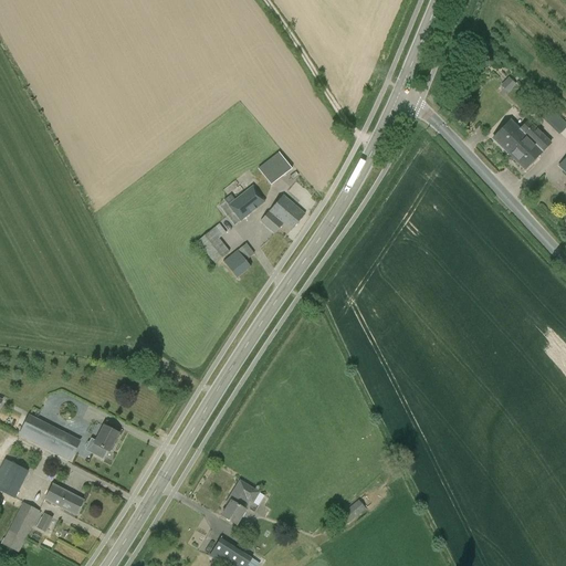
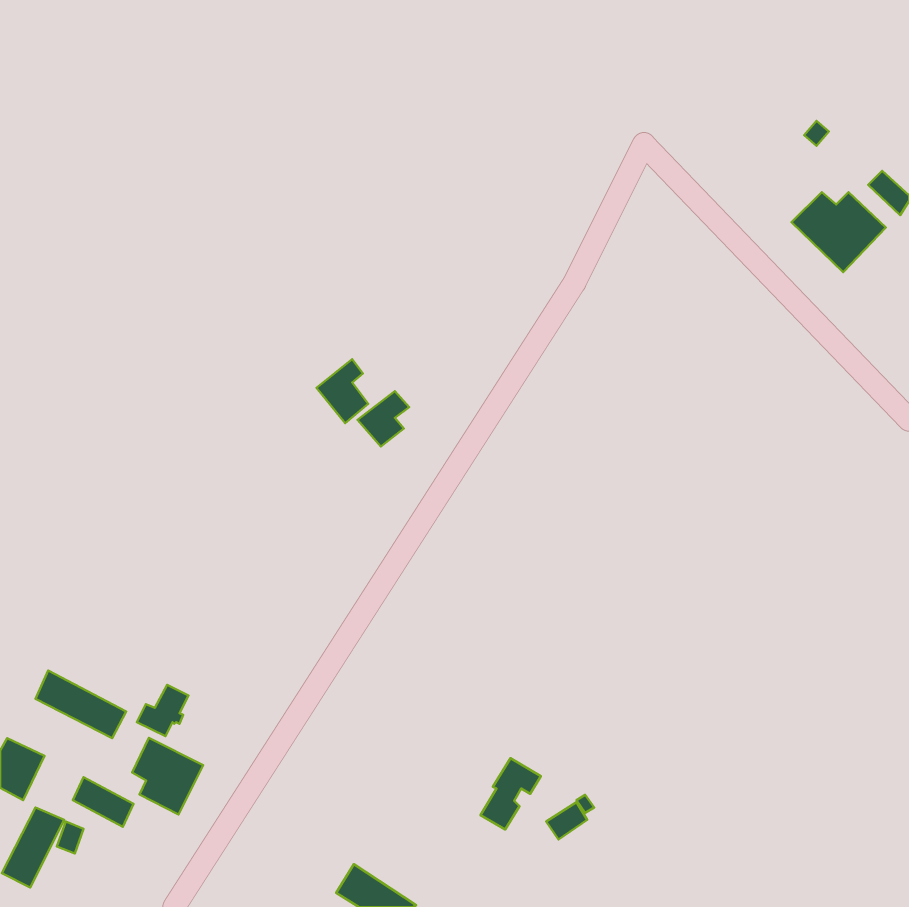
building: [256,150,291,184] -> none
building: [223,185,265,220] -> none
building: [261,195,305,233] -> none
building: none -> [132,738,203,814]
building: [221,480,259,524] -> [480,758,541,829]

